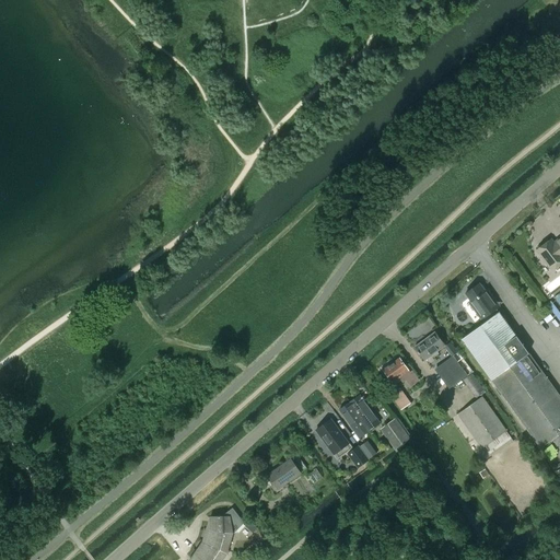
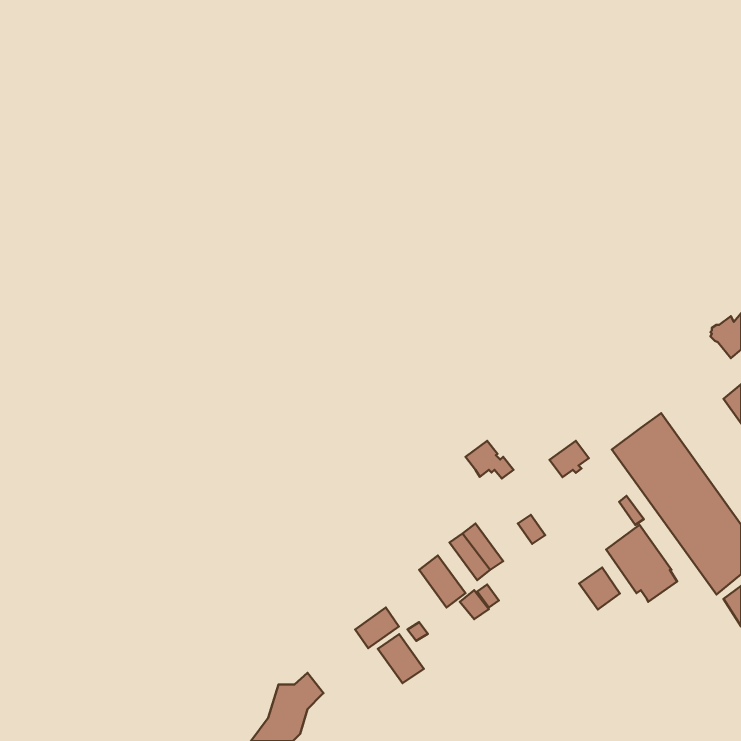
building: [465,283,499,323] -> none
building: [434,351,471,387] -> none
building: [383,358,419,386] -> [465,441,513,478]
building: [380,417,410,448] -> [579,568,620,610]
building: none -> [378,634,424,683]

